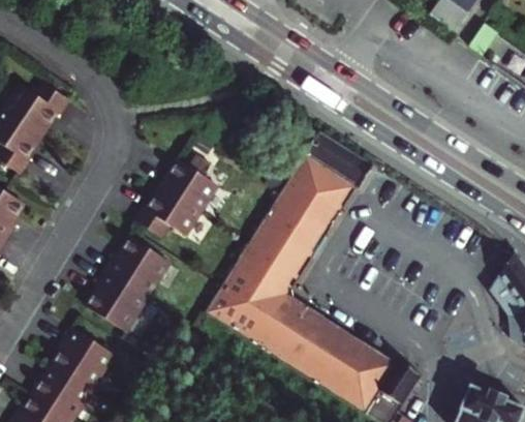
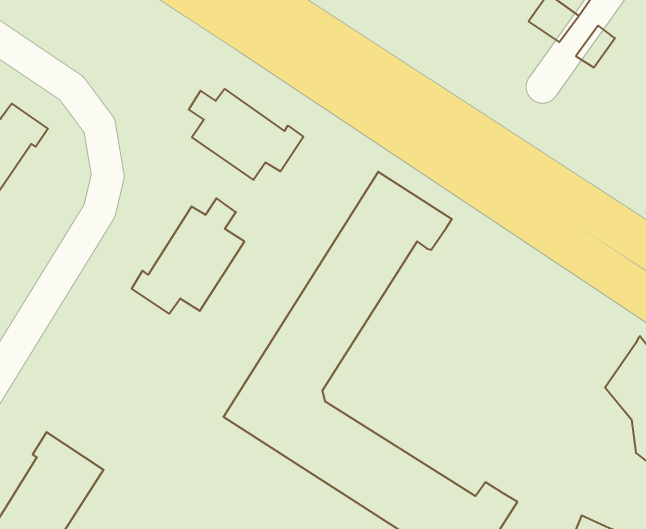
building: none -> [189,89,303,180]
building: [277,181,396,370] -> none
building: [87,234,171,328] -> none

